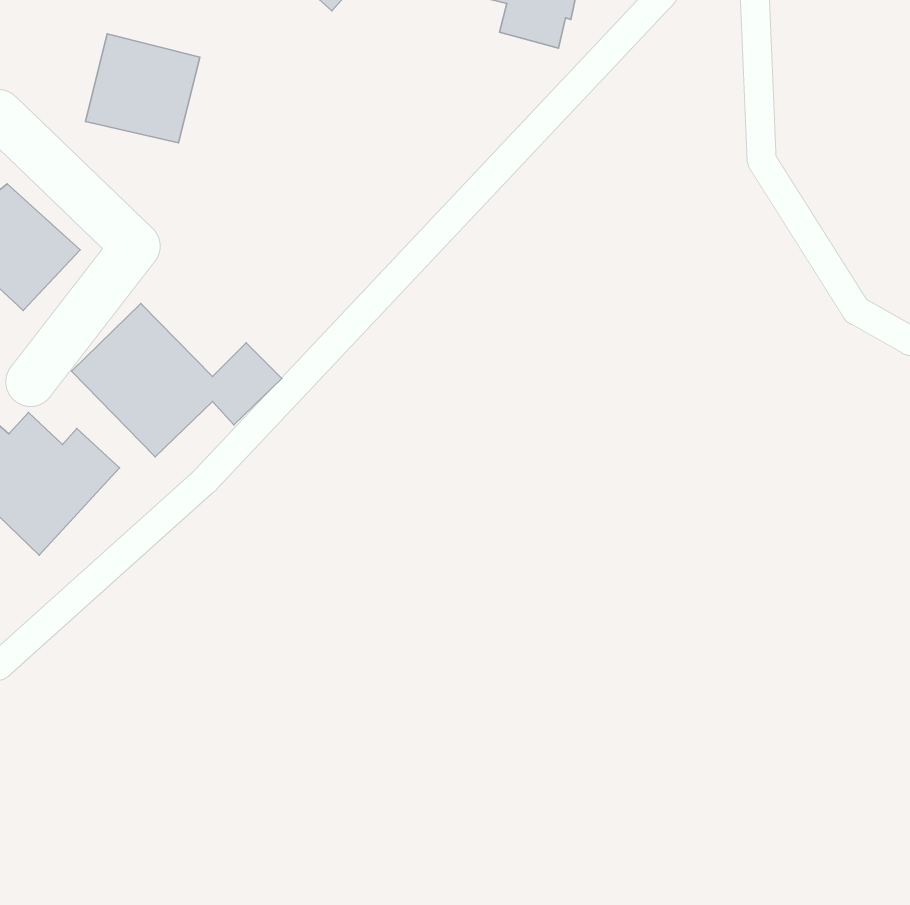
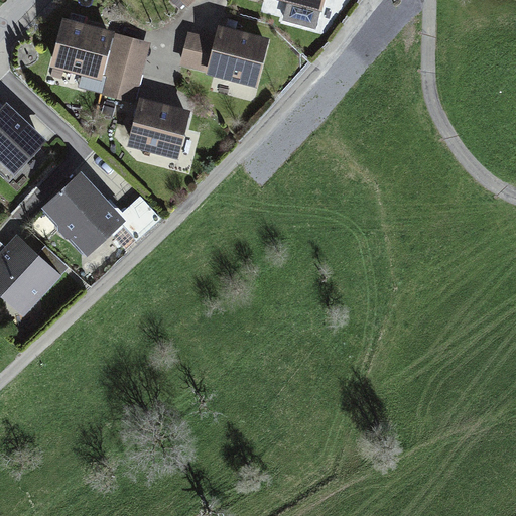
building: none -> [178,25,269,87]
building: none -> [100,32,150,101]
building: none -> [127,98,191,159]

